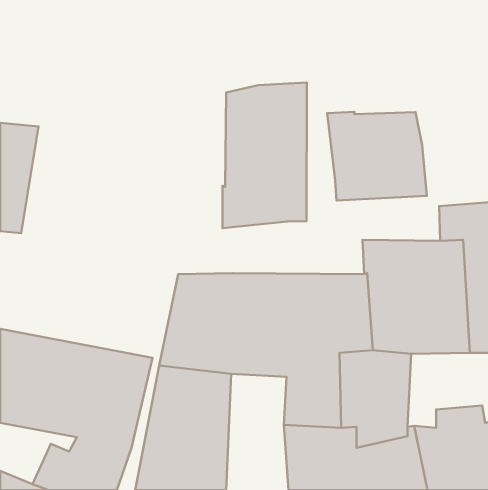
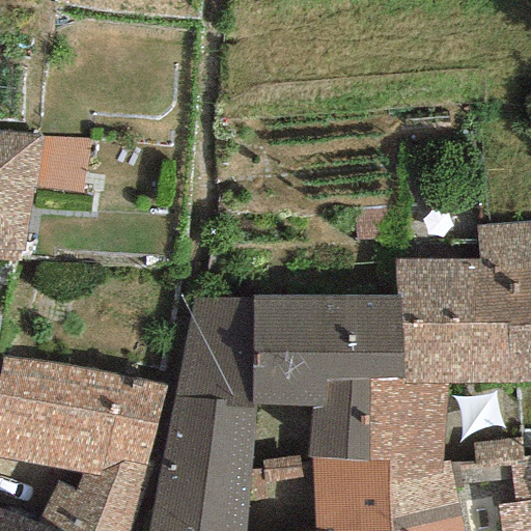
building: [223,82,307,228] -> none
building: [327,112,427,201] -> none

